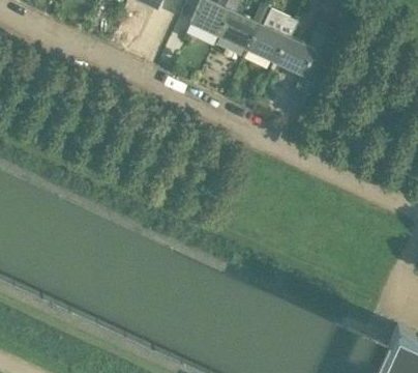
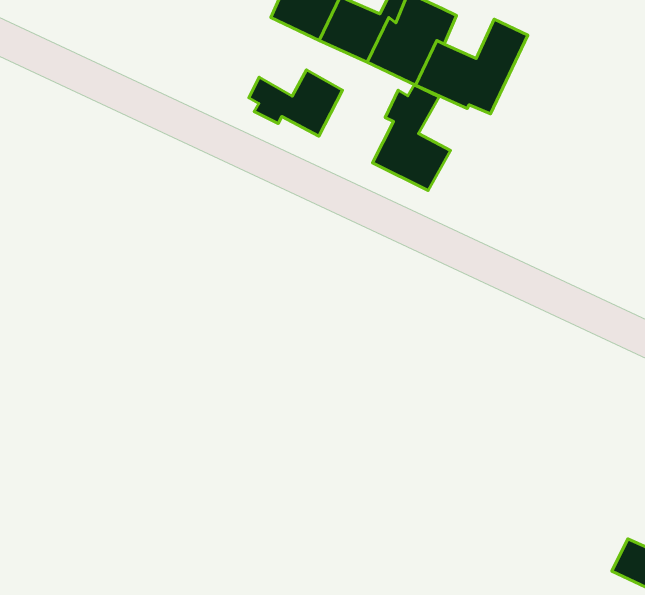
building: none -> [249,70,342,136]
building: none -> [372,85,450,191]

